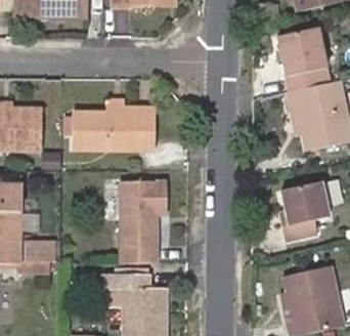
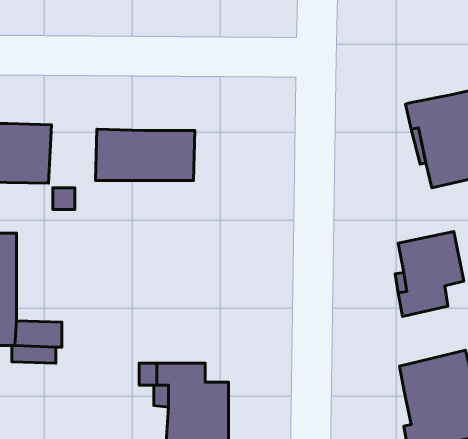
building: [280,30,326,92] -> none
building: [105,96,156,146] -> none
building: [119,182,166,264] -> none

